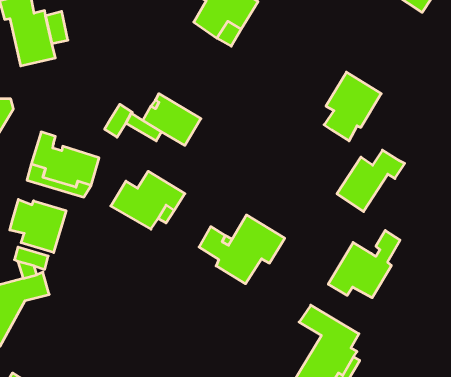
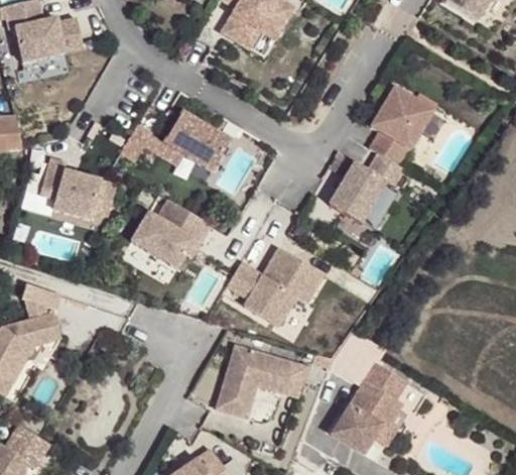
building: [337,150,405,212] -> [328,152,404,222]
building: [10,199,66,253] -> none
building: [328,230,400,298] -> none
building: none -> [207,350,298,424]

